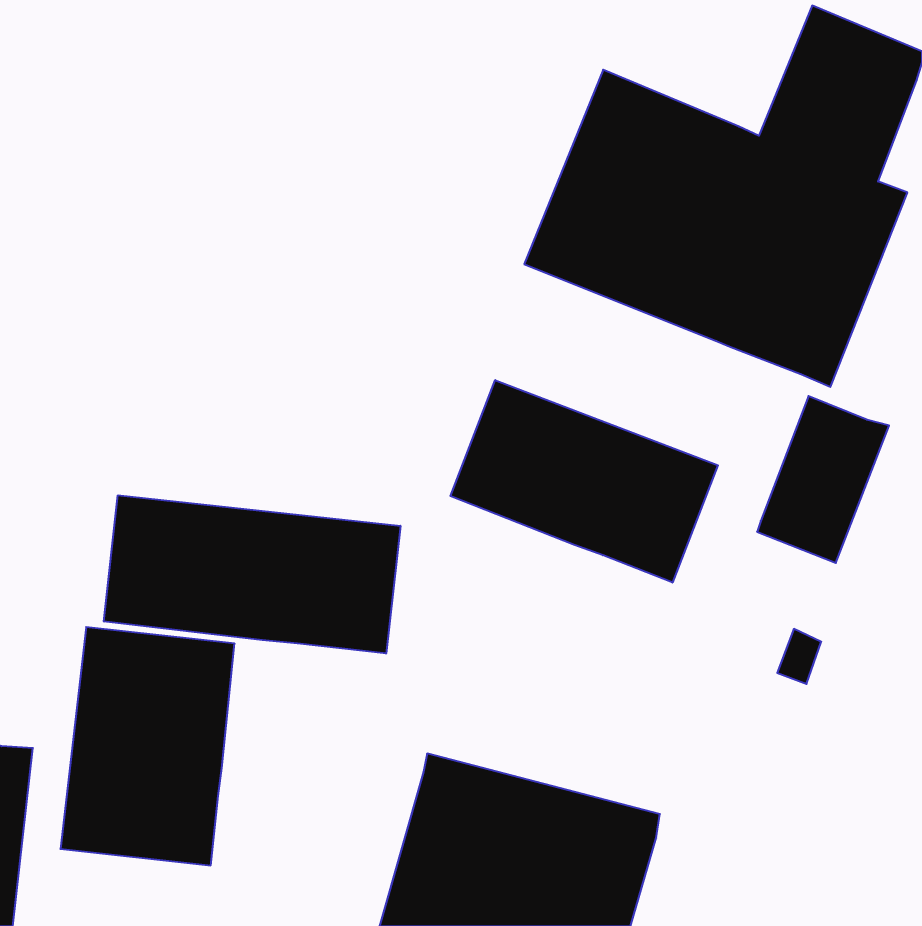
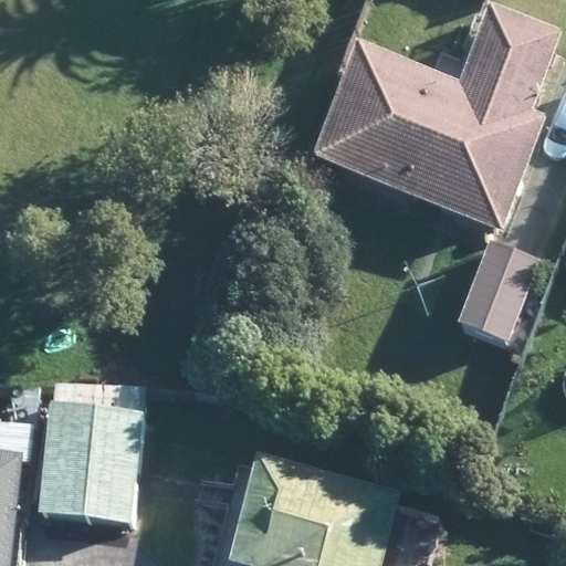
building: [450,380,718,583] -> none
building: [104,495,400,654] -> none

